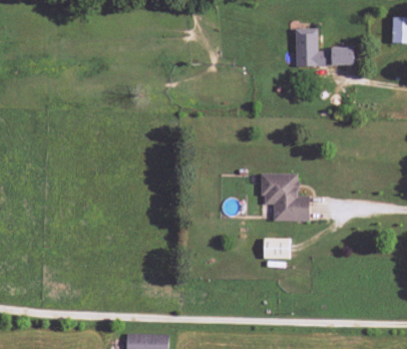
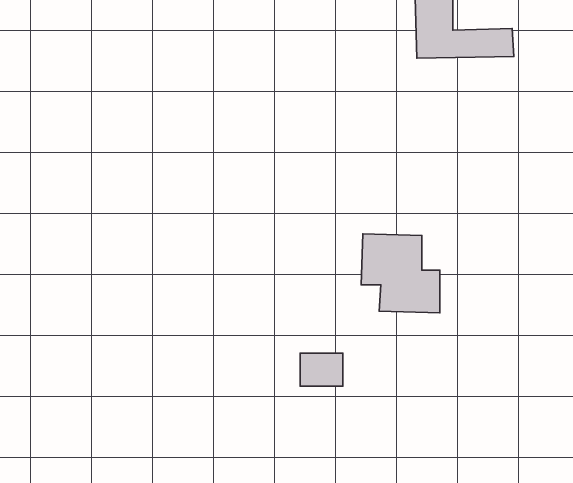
building: [264,239,290,259] -> [300,353,343,386]

